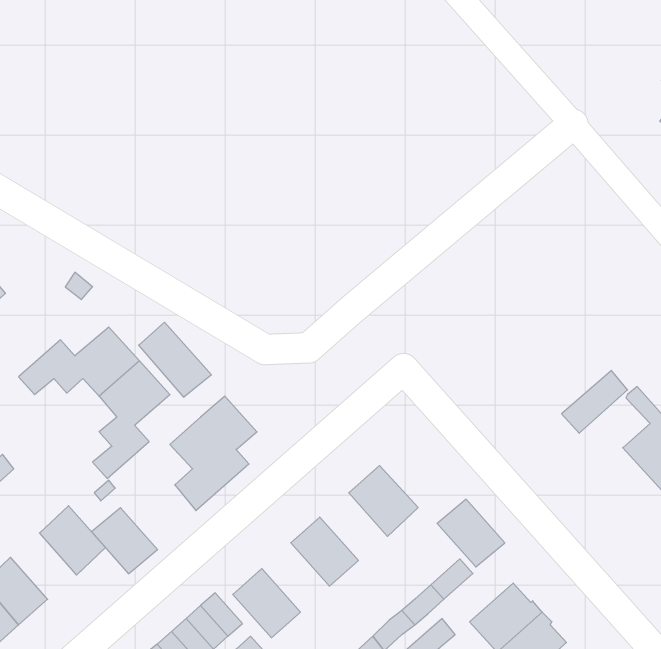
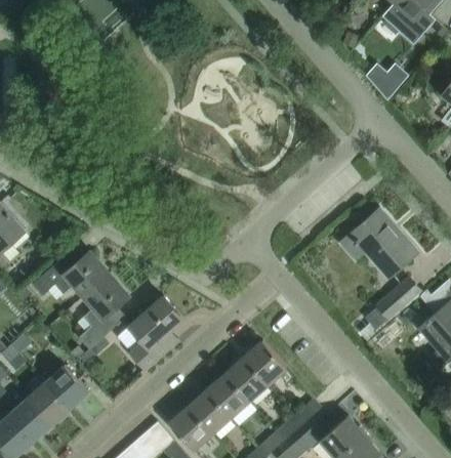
building: none -> [367,65,409,100]
building: none -> [339,212,418,278]
building: [139,322,211,397] -> none
building: [437,499,505,567] -> [224,358,268,401]
building: [92,508,158,574] -> [28,383,70,425]
building: none -> [188,389,231,433]

